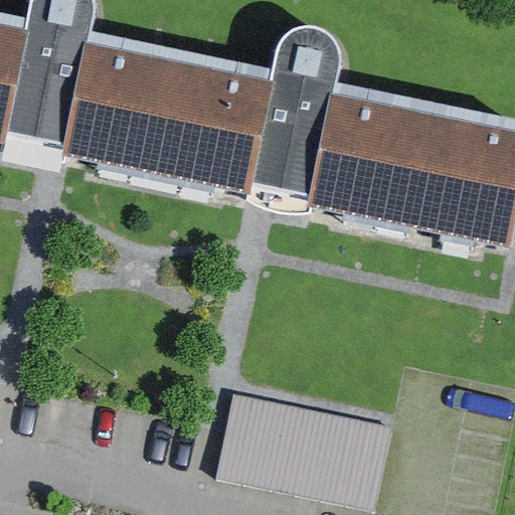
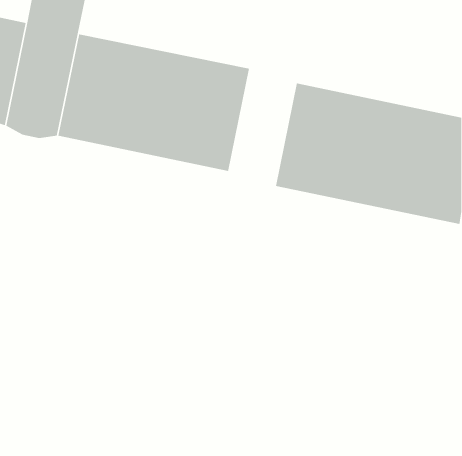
building: [252,22,342,205] -> none
building: [218,396,394,499] -> none

